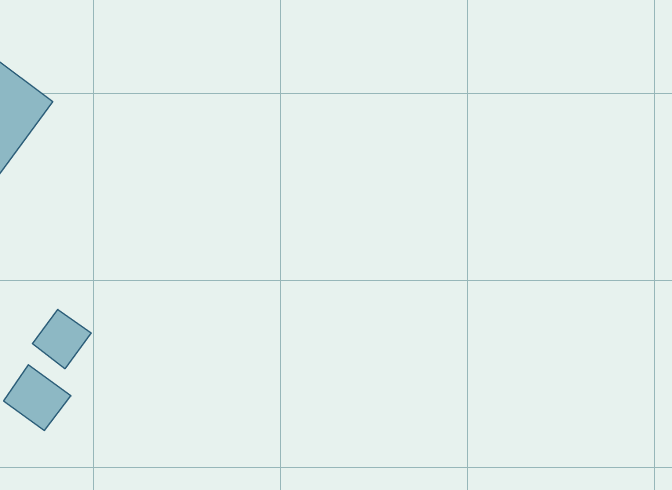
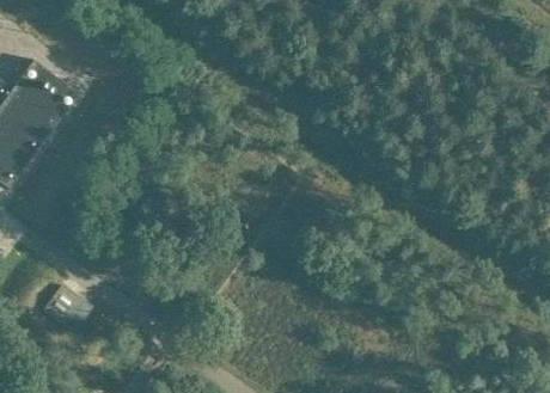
building: [32,309,91,369] -> none

